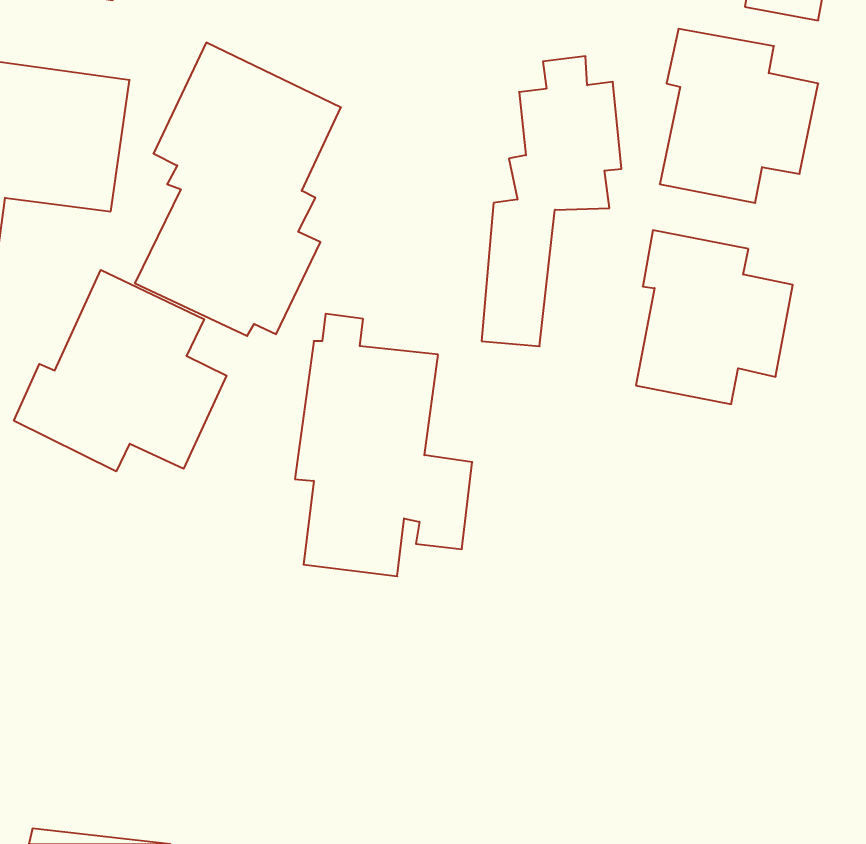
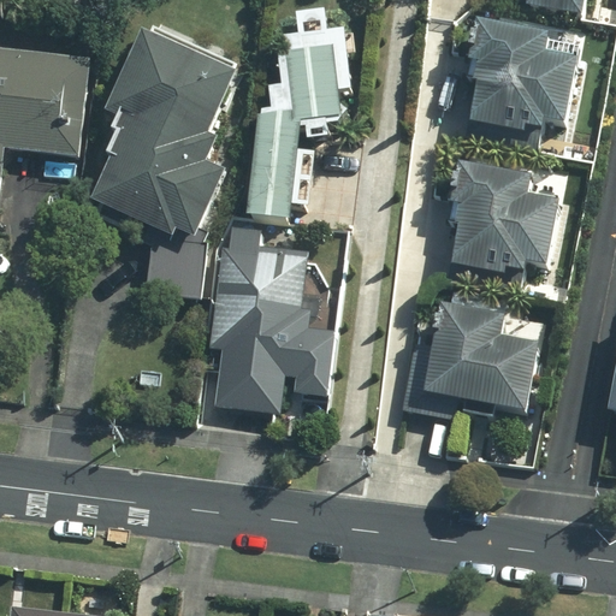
building: [482,56,621,346] -> [250,11,349,215]
building: [14,270,227,471] -> none
building: none -> [402,303,538,413]

